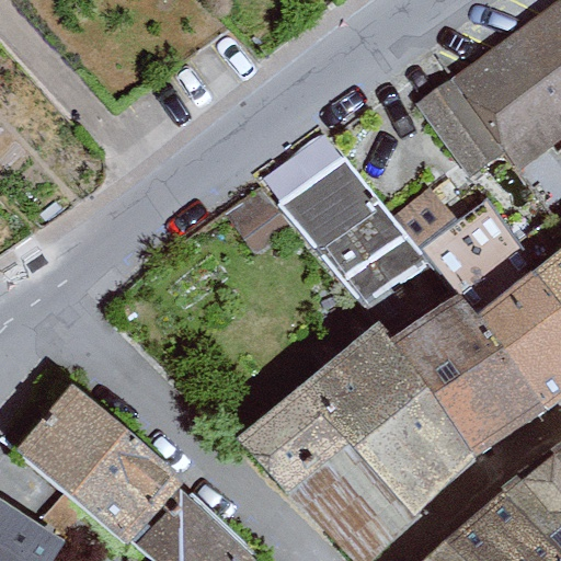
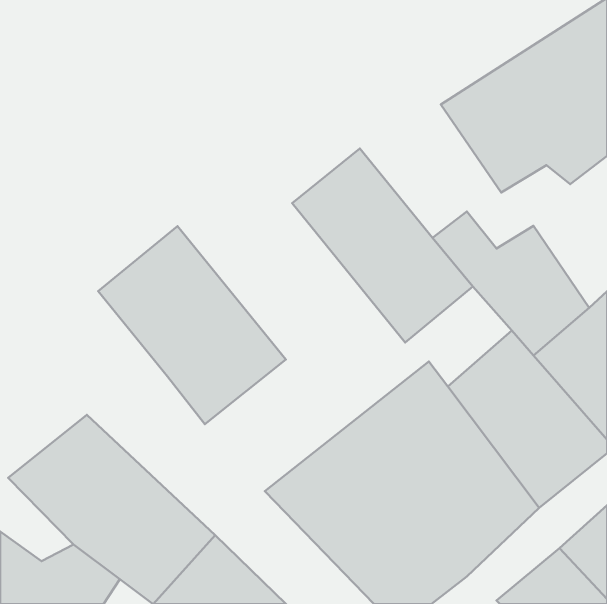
building: none -> [98,226,286,424]

